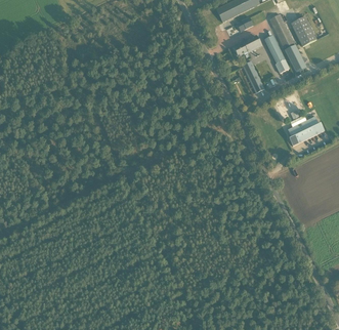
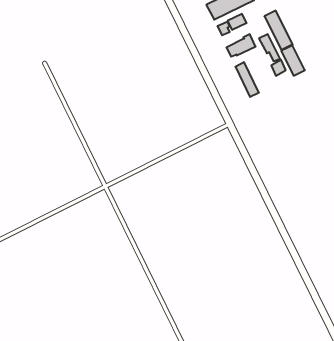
building: [291,16,316,47] -> none
building: [288,117,325,147] -> none

